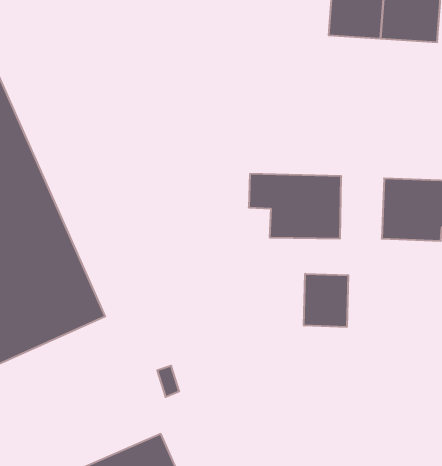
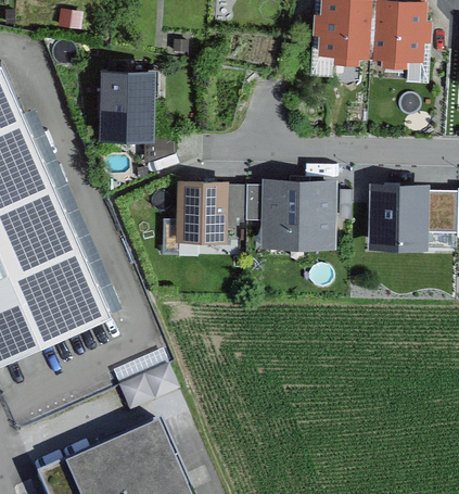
building: none -> [102,73,148,132]
building: none -> [178,182,245,237]
building: [304,274,348,327] -> none

